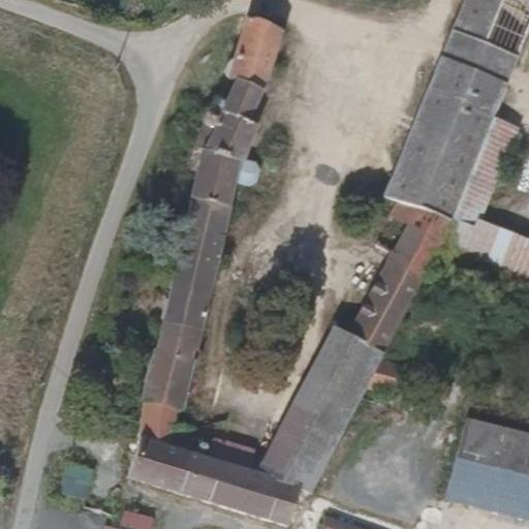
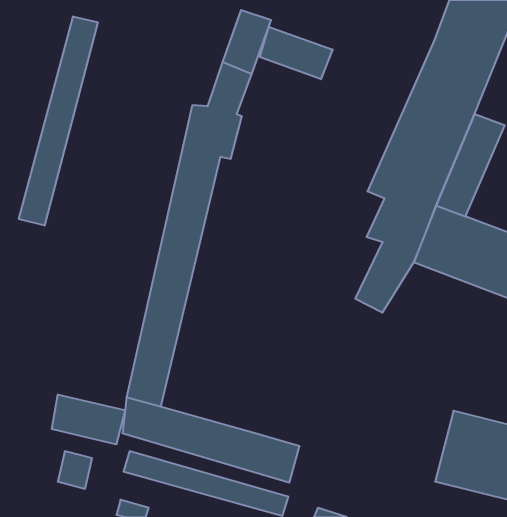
building: none -> [19,16,98,226]
building: none -> [260,27,333,79]
building: [274,298,401,458] -> none
building: none -> [52,394,125,444]

